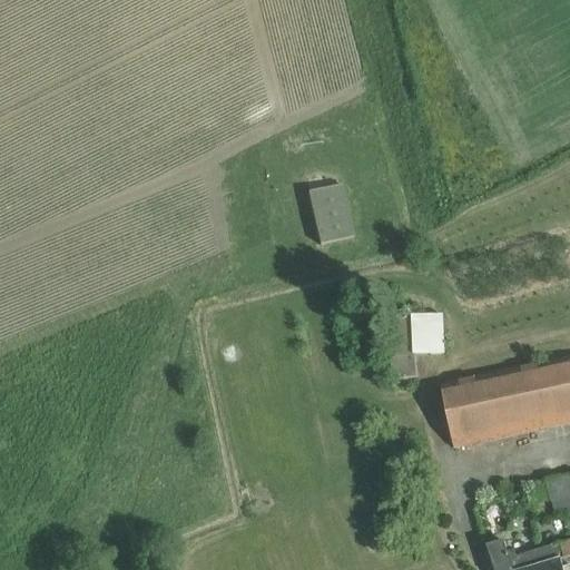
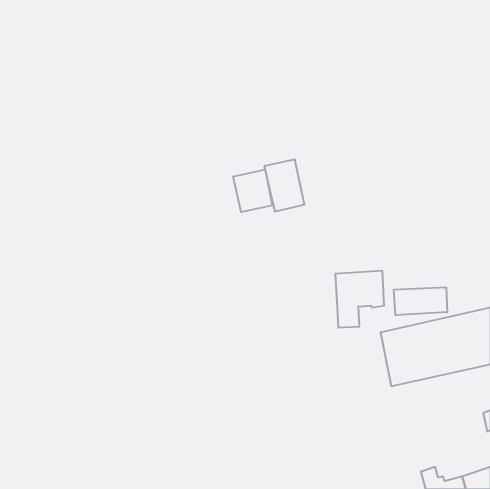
building: none -> [233,170,272,212]
building: none -> [394,287,447,315]

